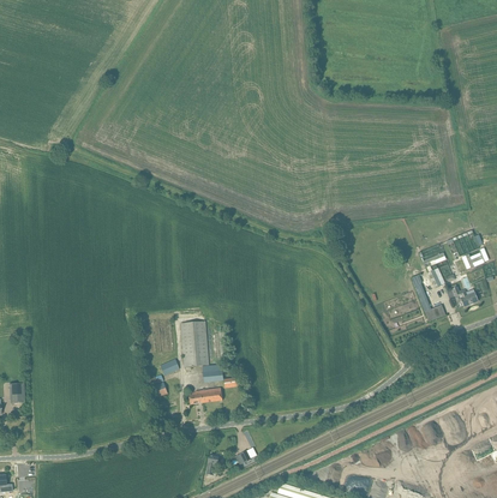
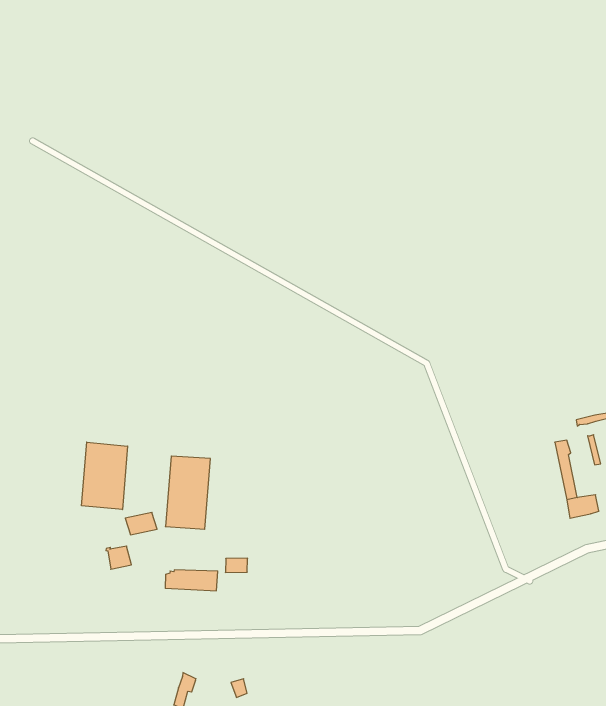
building: none -> [82,442,128,510]

